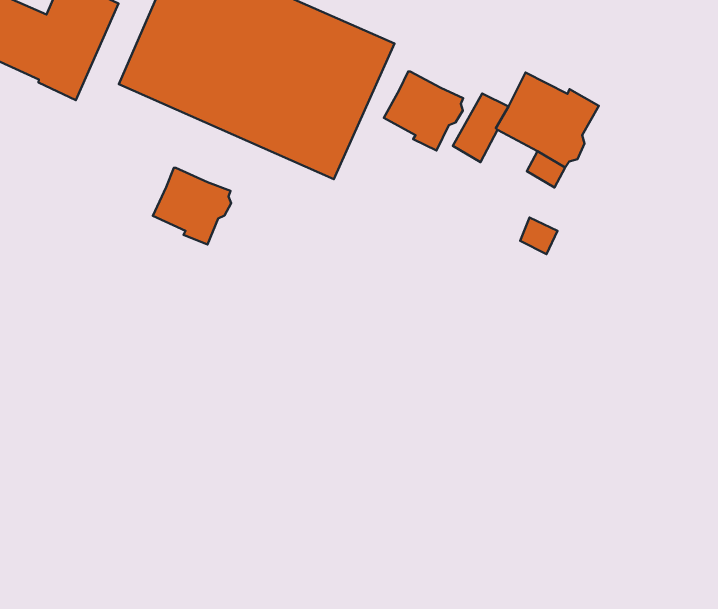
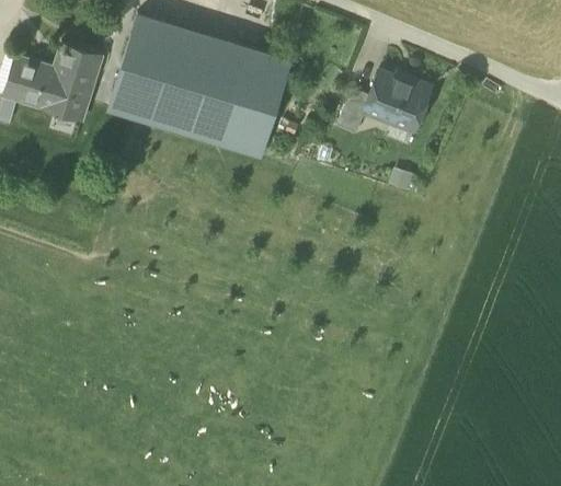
building: [384,71,463,150] -> none
building: [153,168,231,244] -> none

